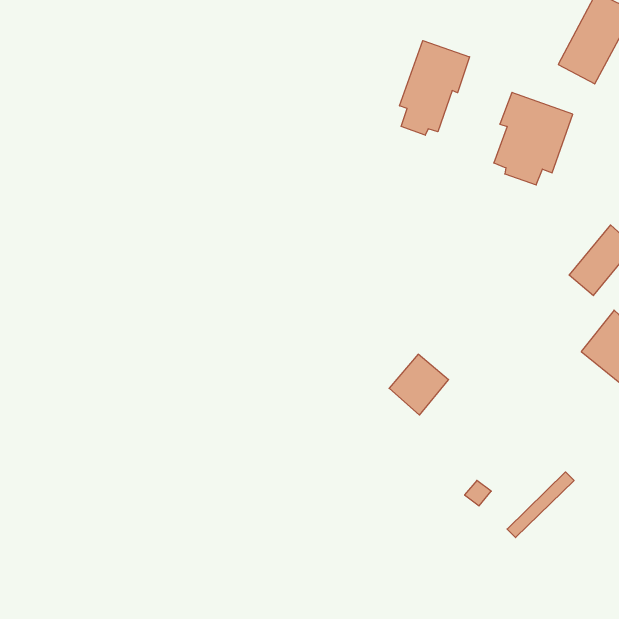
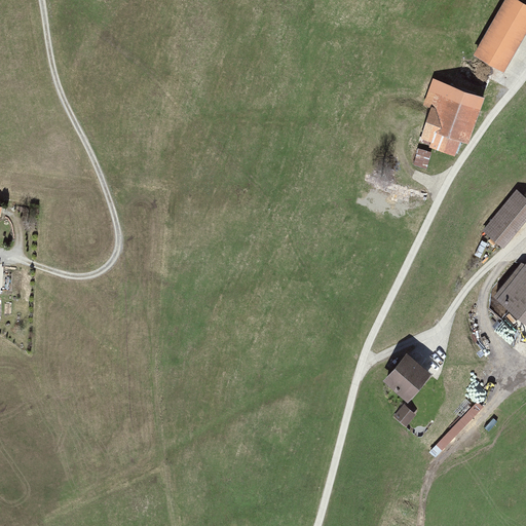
building: [400,41,470,135] -> none
building: [389,354,449,415] -> [382,351,433,403]

